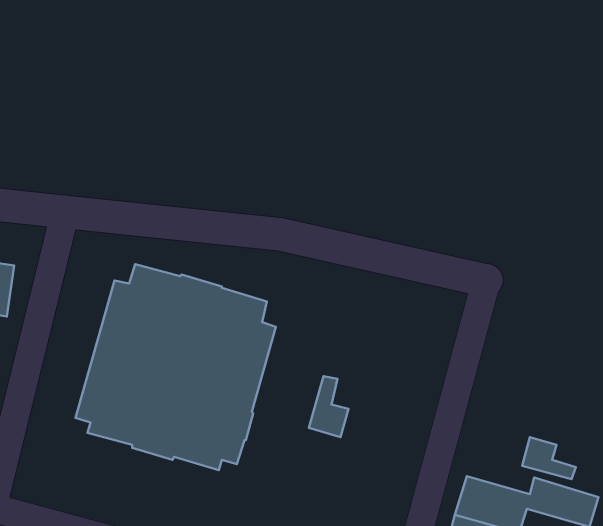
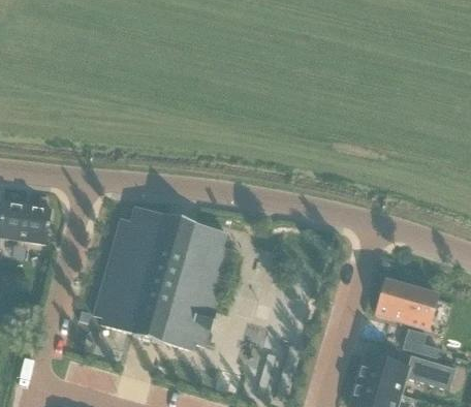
building: none -> [374,274,439,330]
building: [309,376,348,437] -> none

